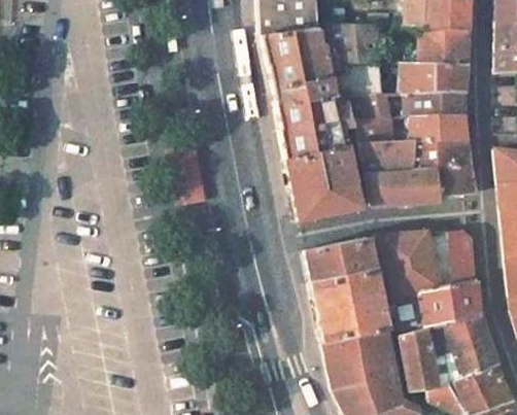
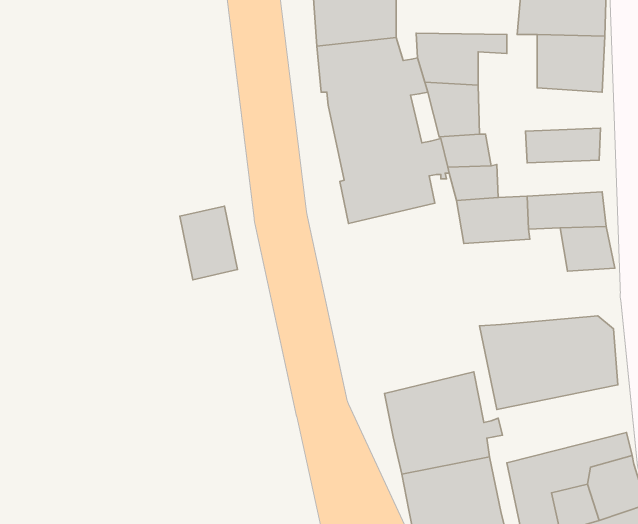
building: [401,63,467,96] -> none
building: [411,115,467,141] -> none
building: [285,145,361,221] -> none
building: [368,164,442,206] -> none
building: [305,235,378,282] -> none
building: [391,276,484,332] -> none

